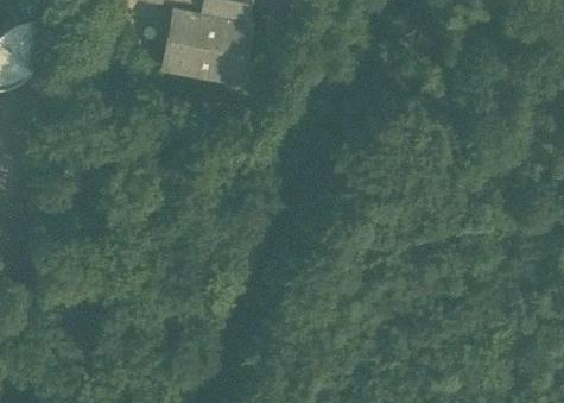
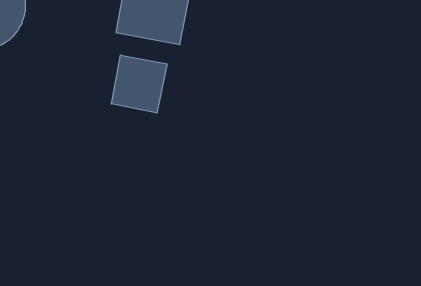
building: none -> [111,55,167,113]

